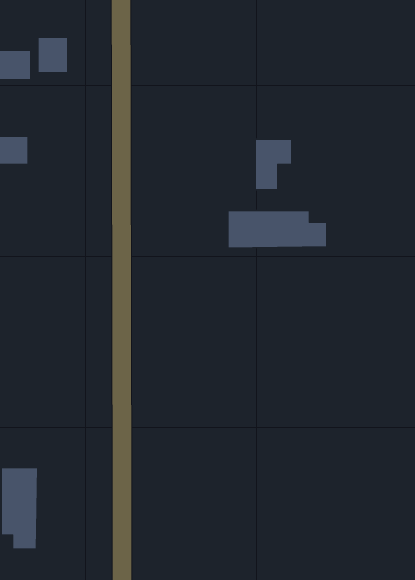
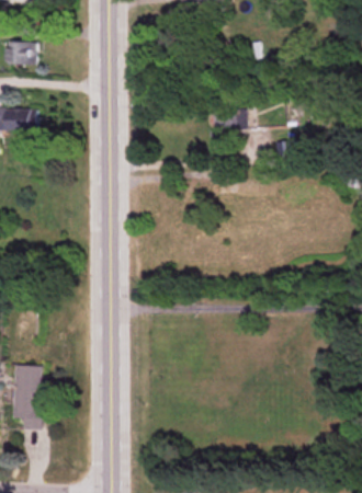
building: [38,37,68,73] -> none
building: [228,211,327,248] -> none

